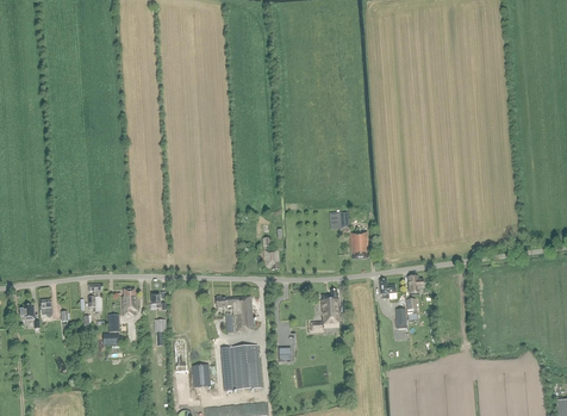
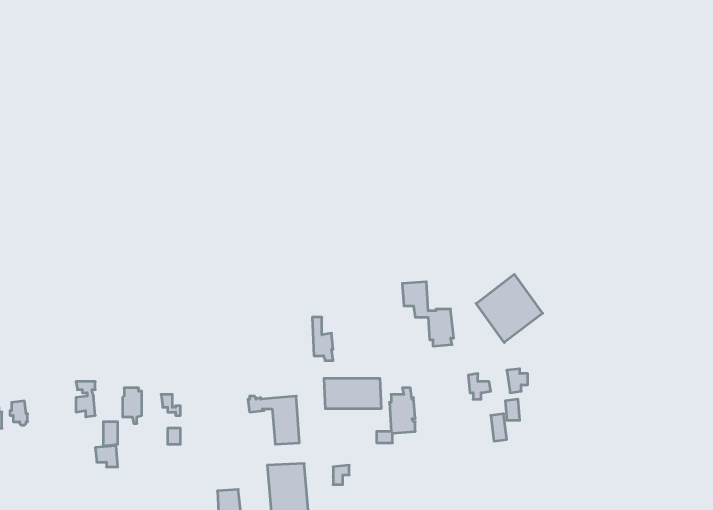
building: none -> [476,274,543,343]
building: none -> [324,378,381,409]

